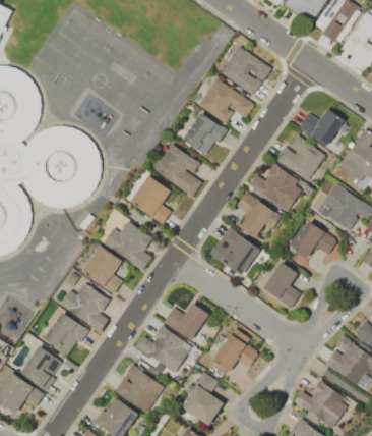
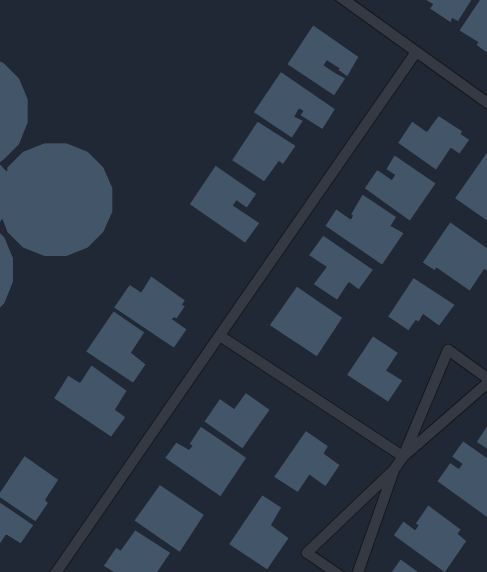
building: [129,175,172,225] -> none
building: [44,312,89,356] -> none

